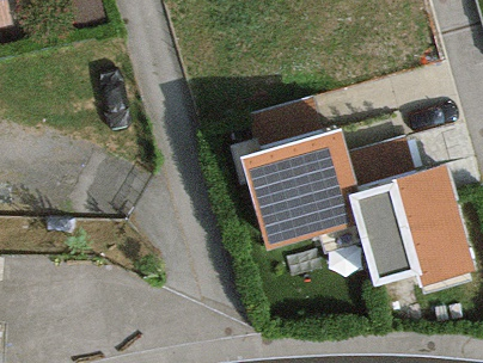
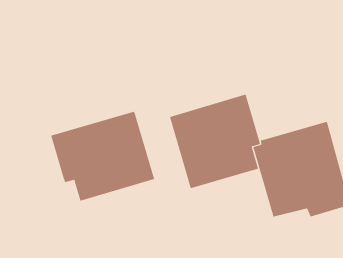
building: none -> [51,111,155,201]

